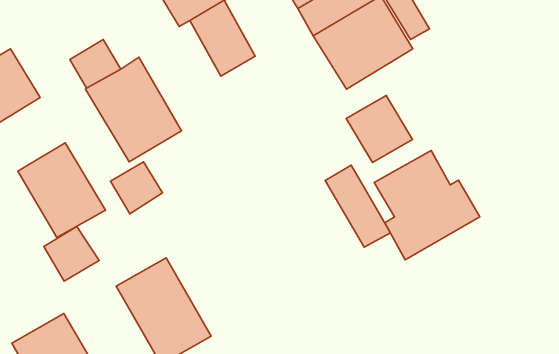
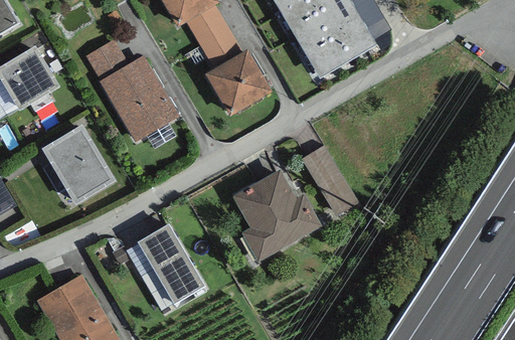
building: none -> [204,50,272,118]
building: [346,95,412,162] -> none
building: [374,151,480,260] -> [231,169,321,262]
building: [111,162,162,214] -> none
building: [44,226,99,281] -> none

